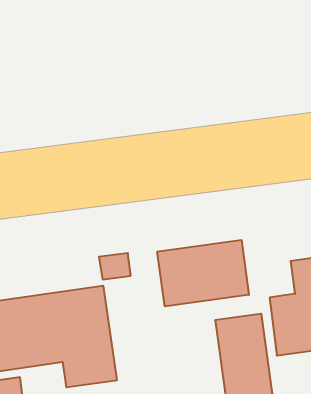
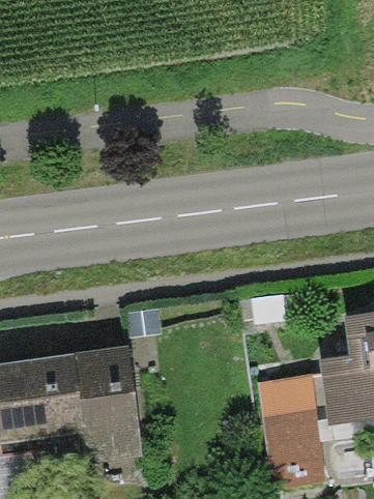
building: [157,240,249,306] -> none

